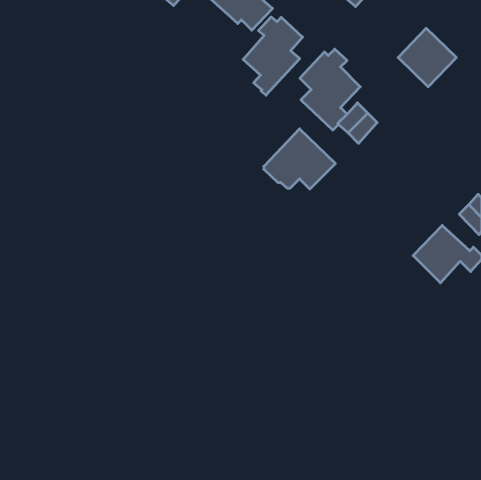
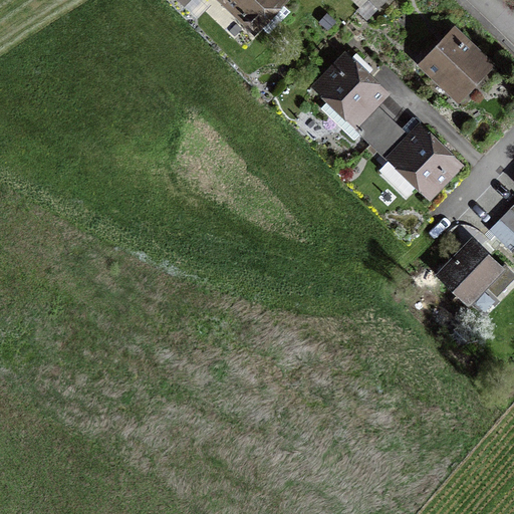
building: [243,17,303,95] -> none
building: [264,129,335,189] -> [382,126,459,191]

